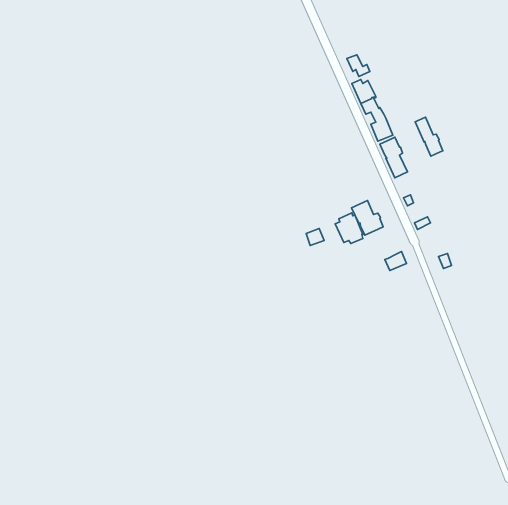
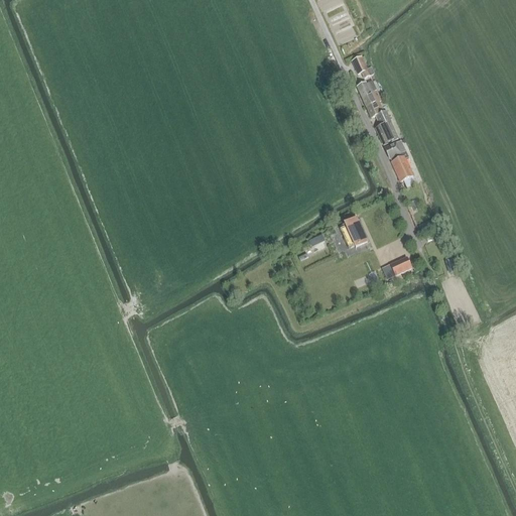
building: [415,117,443,156] -> none
building: [352,200,383,235] -> none

